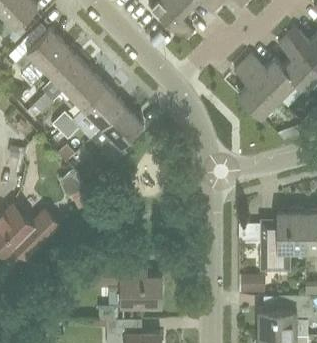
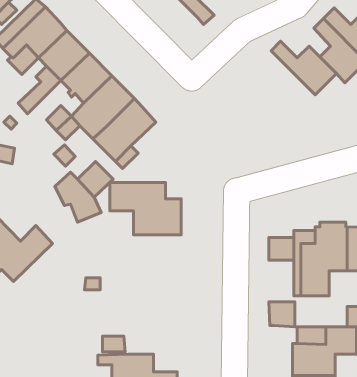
building: [233,64,279,120] -> none
building: [102,263,162,307] -> [110,182,181,235]

